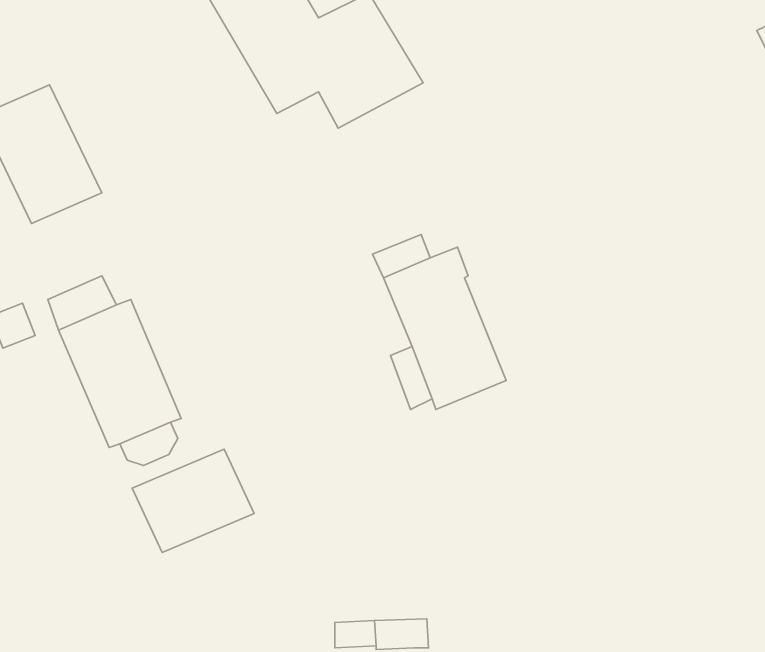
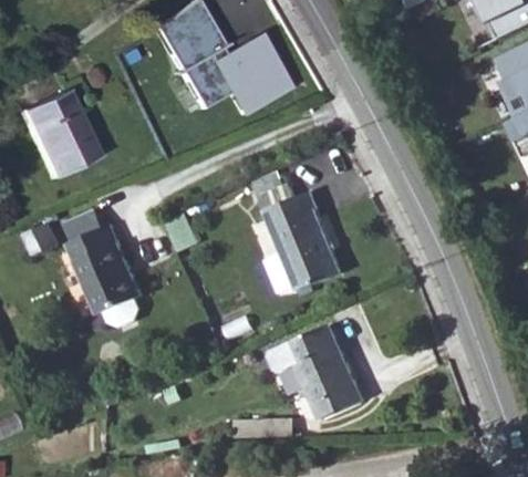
building: [132,449,254,553] -> none
building: none -> [269,325,362,418]

